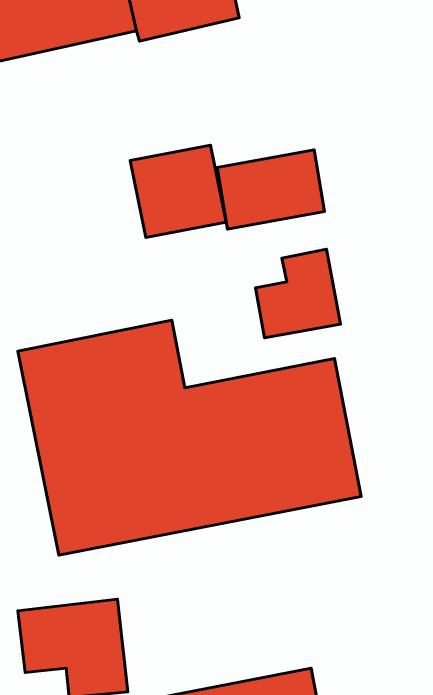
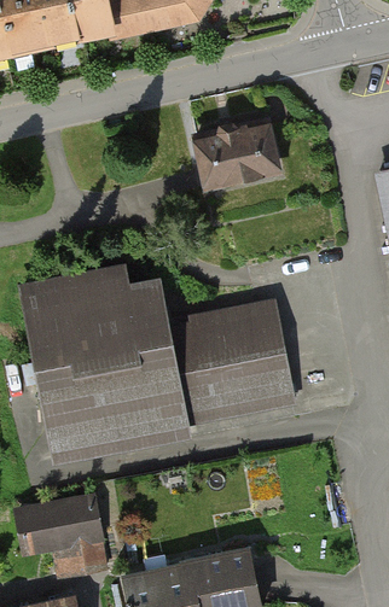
building: [130,145,226,238] -> none
building: [256,249,341,338] -> none

